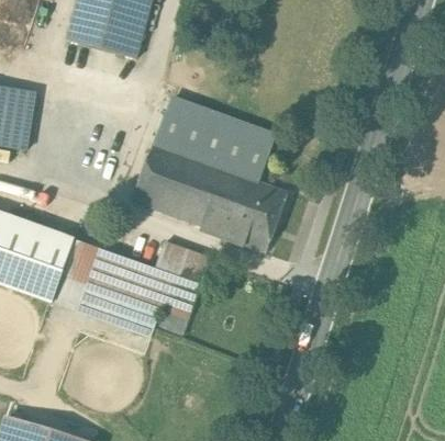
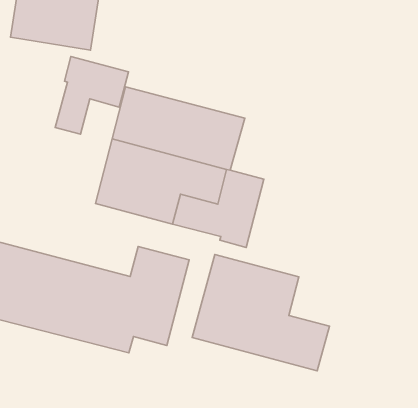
building: none -> [55,56,128,134]
building: none -> [192,255,329,371]

